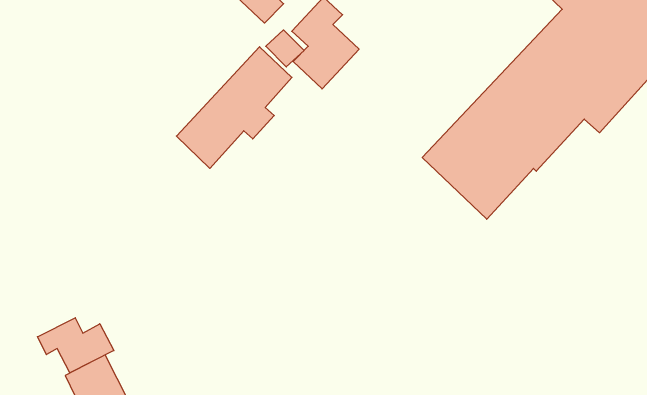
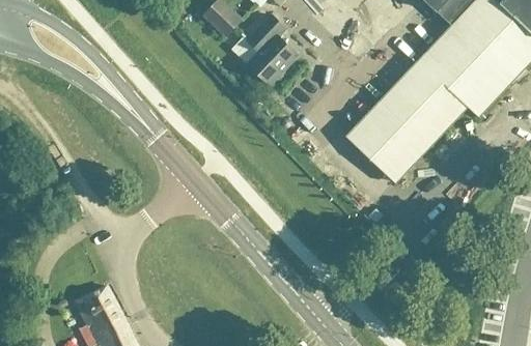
building: [176,47,292,168] -> none
building: [37,318,114,373] -> none

